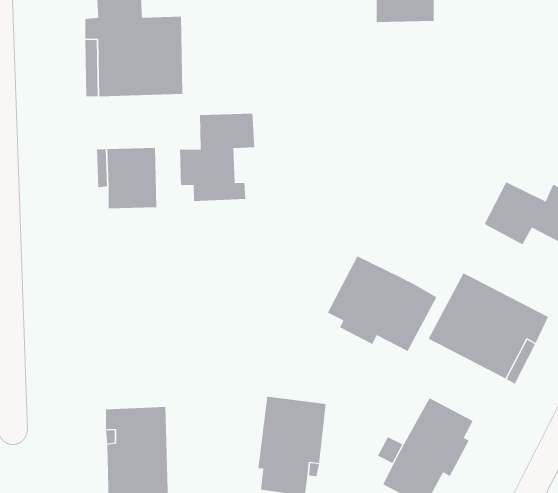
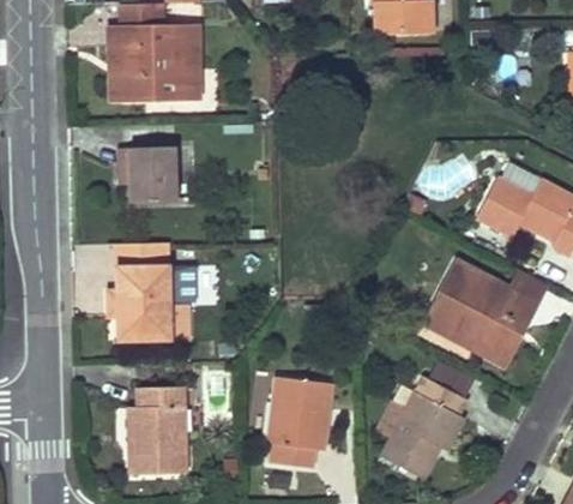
building: [180,113,255,202] -> none
building: none -> [107,242,193,340]
building: [327,256,437,352] -> none

